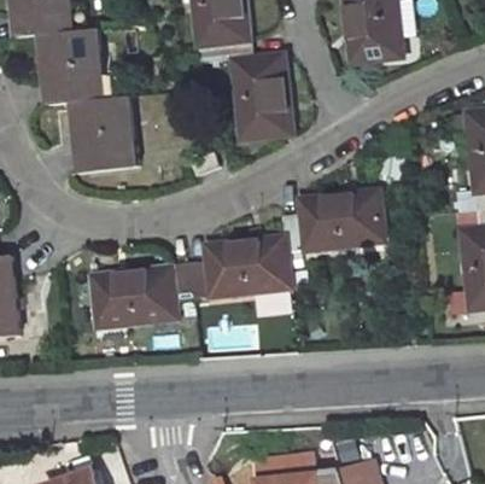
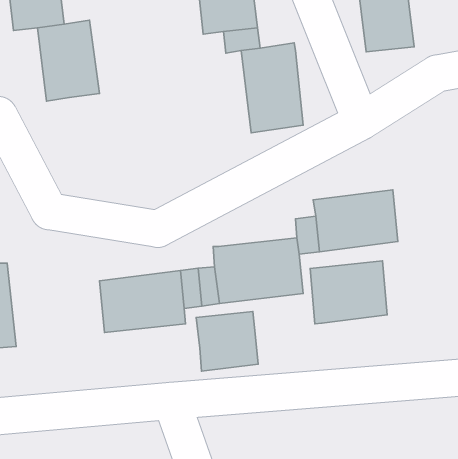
building: [68,93,128,173] -> none
building: none -> [310,261,387,324]
building: none -> [196,311,258,371]

